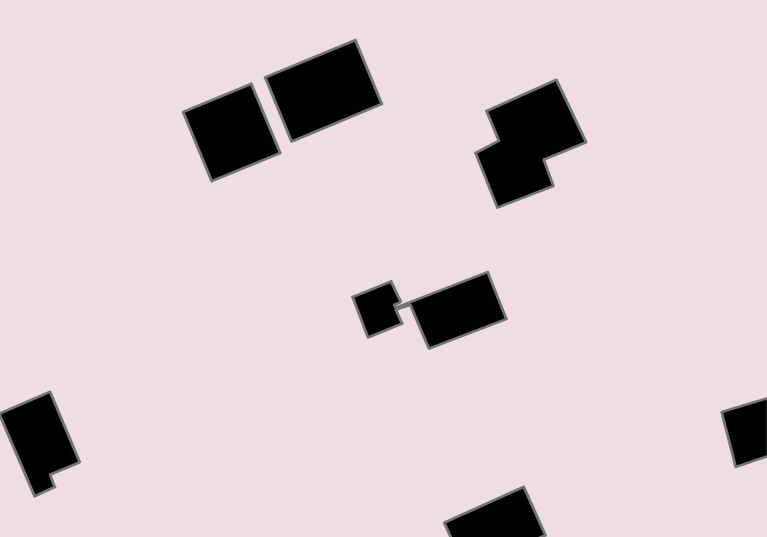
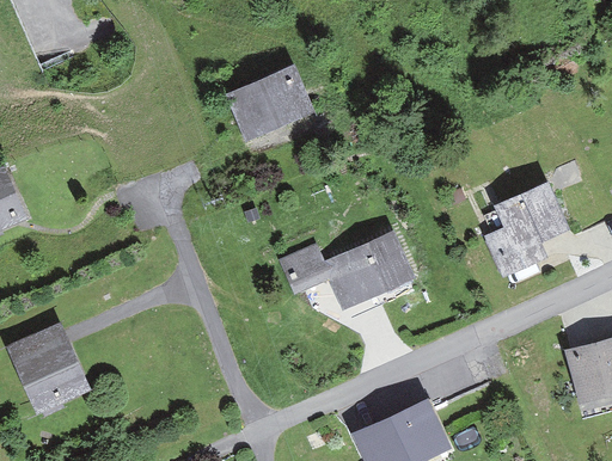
building: [475,80,586,208] -> [484,179,569,277]
building: [183,84,280,181] -> none

